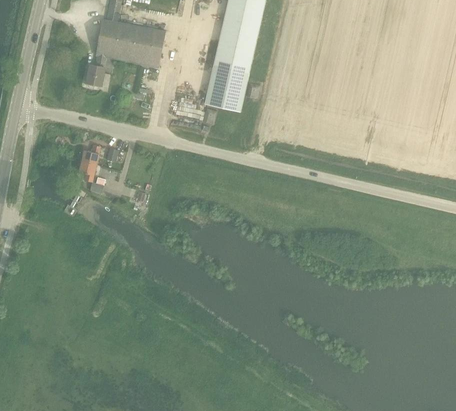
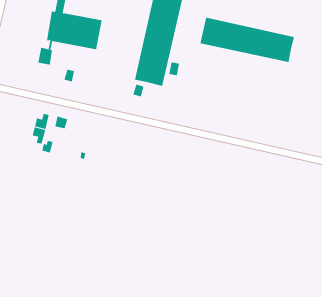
building: none -> [200,17,294,63]

